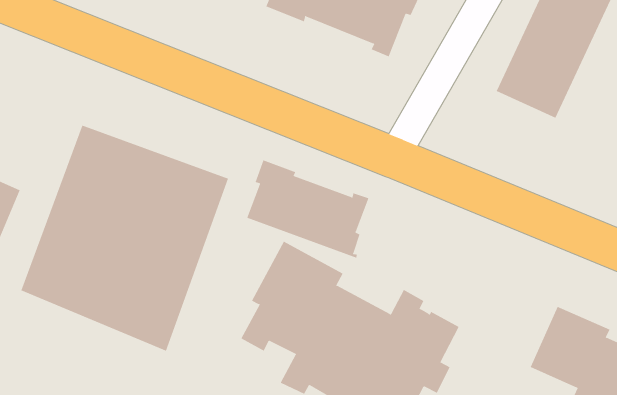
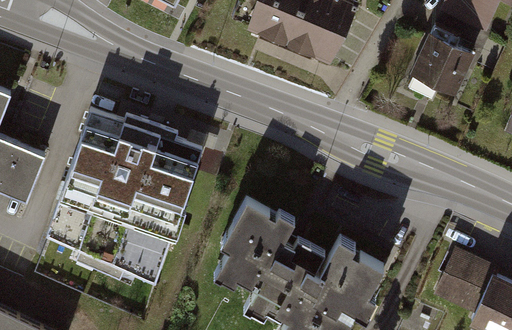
building: [246,159,369,259] -> none

